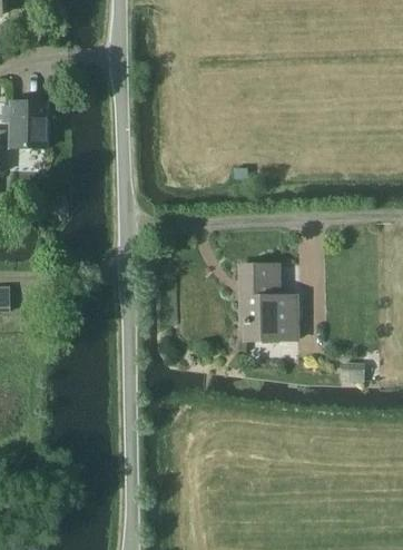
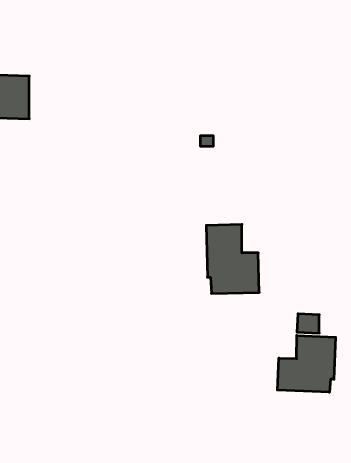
building: none -> [277,335,336,392]

